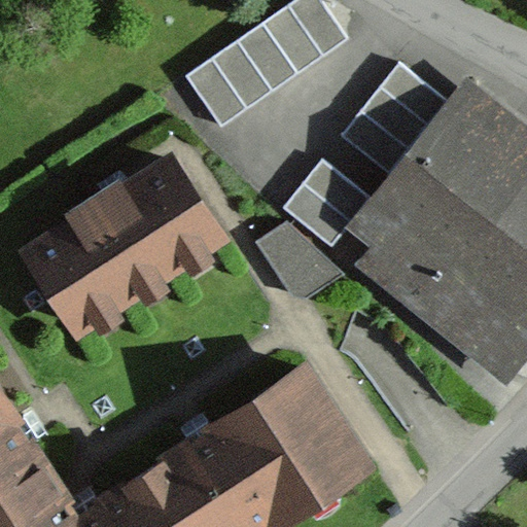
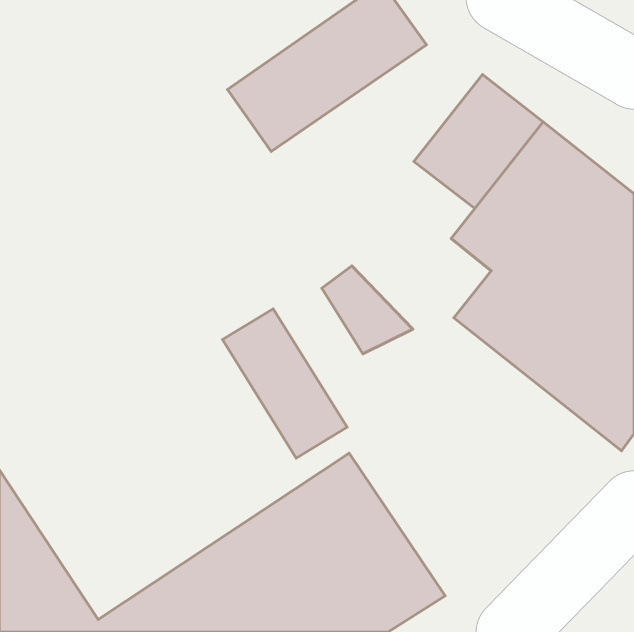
building: [5,155,222,350] -> none
building: [284,156,374,246] -> none
building: none -> [222,309,347,458]

